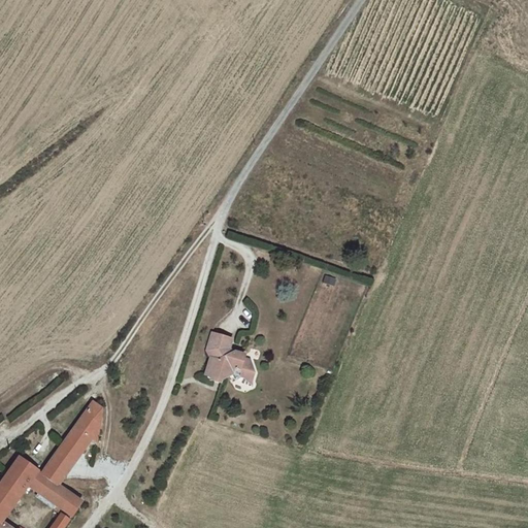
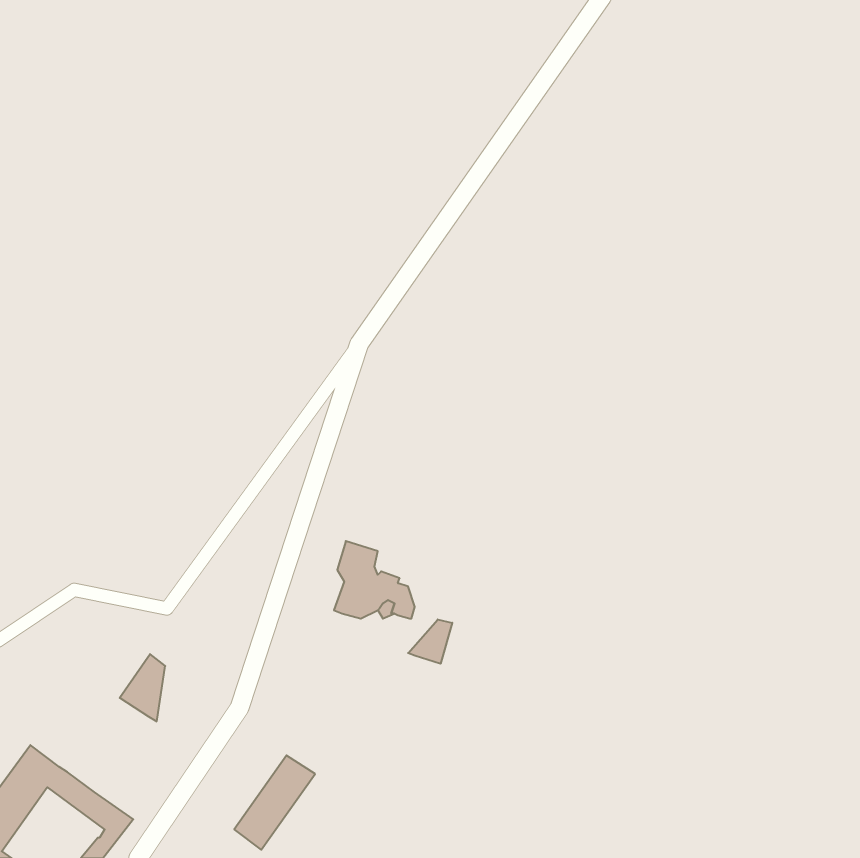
building: none -> [408,619,452,664]
building: [41,427,91,485] -> [234,755,315,850]

